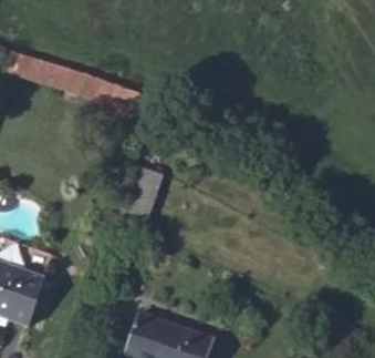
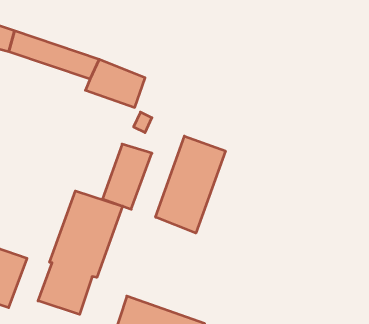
building: none -> [156,136,225,233]
building: none -> [38,191,123,314]

